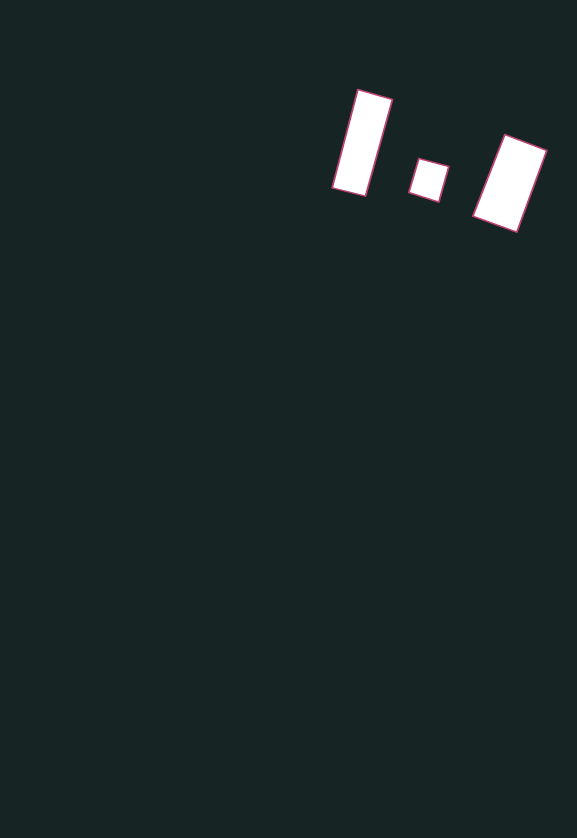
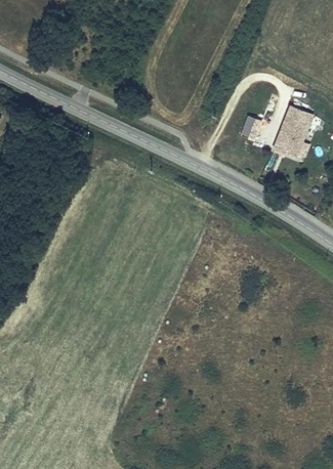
building: [332,90,392,196] -> none

